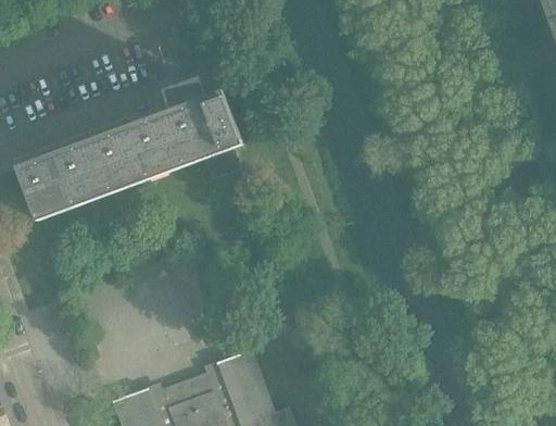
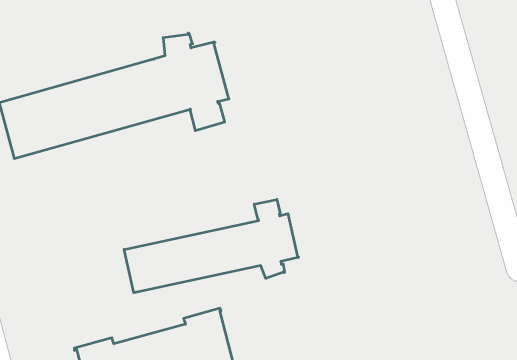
building: none -> [124,199,299,293]

